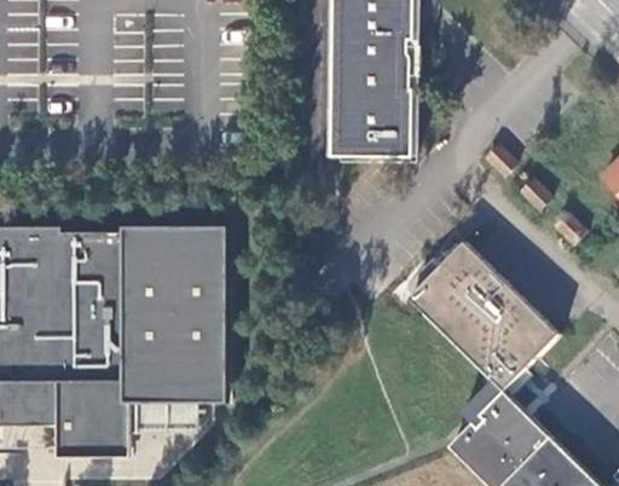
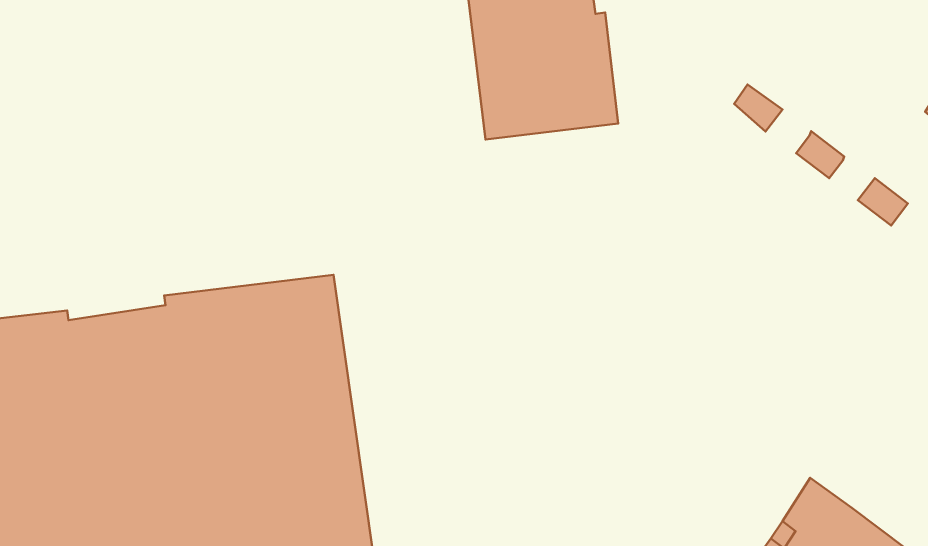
building: [410,243,556,388] -> none

